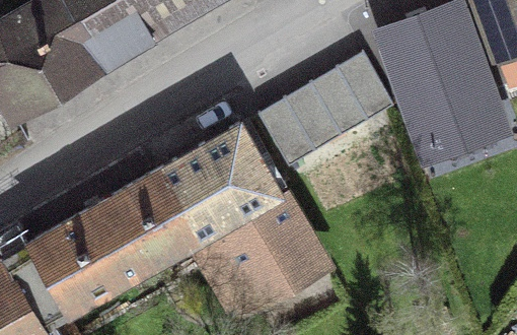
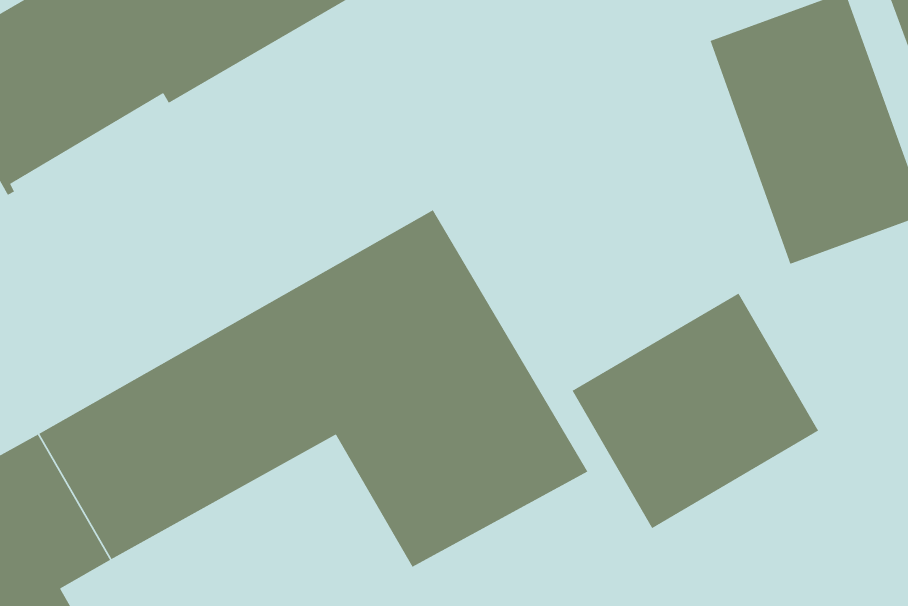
building: [258,52,394,166] -> none
building: none -> [572,292,819,529]

